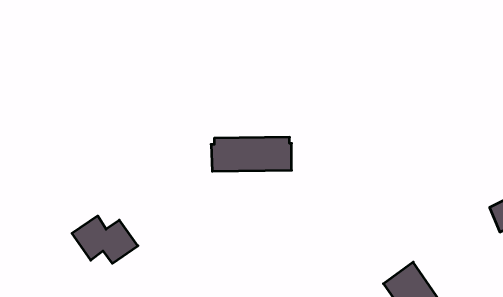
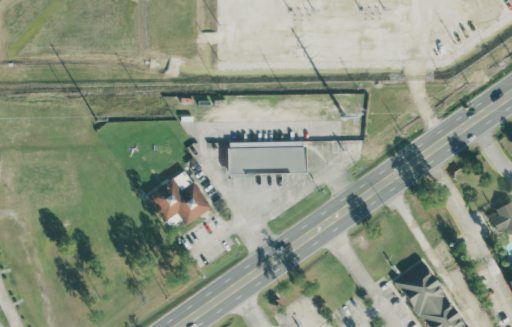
building: [72,216,138,263] -> [147,179,211,225]

